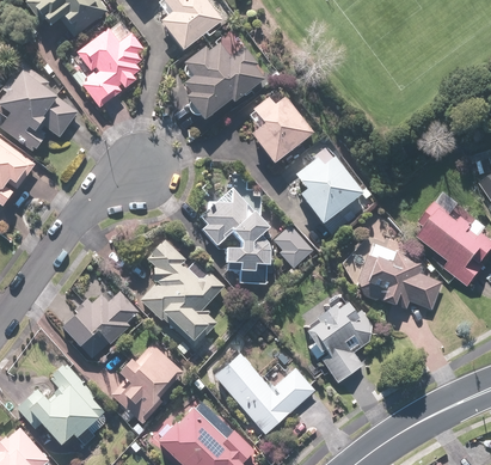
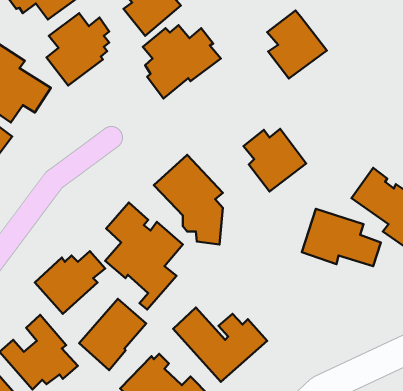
building: [248,90,314,165] -> [267,10,327,79]
building: [274,225,314,269] -> none
building: [303,299,372,384] -> none

